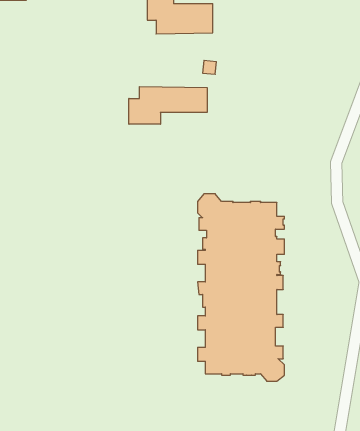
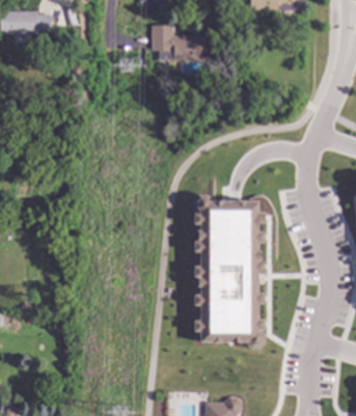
building: [129,87,207,124] -> none

